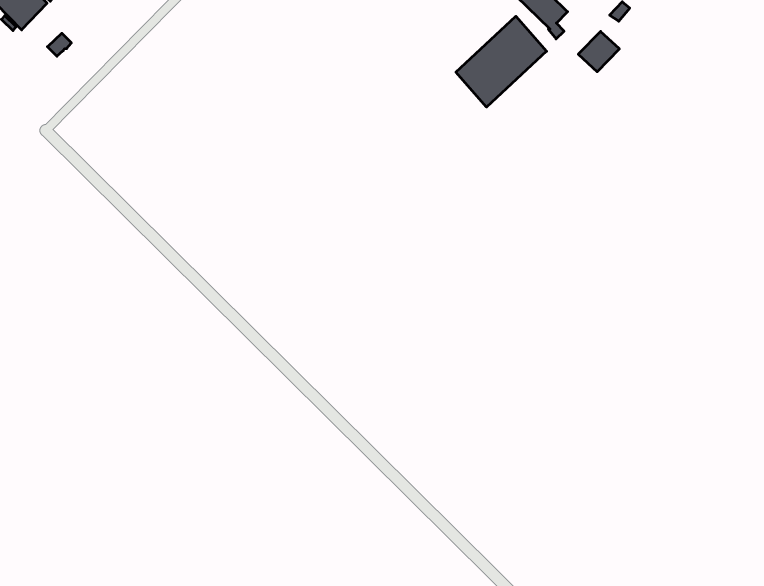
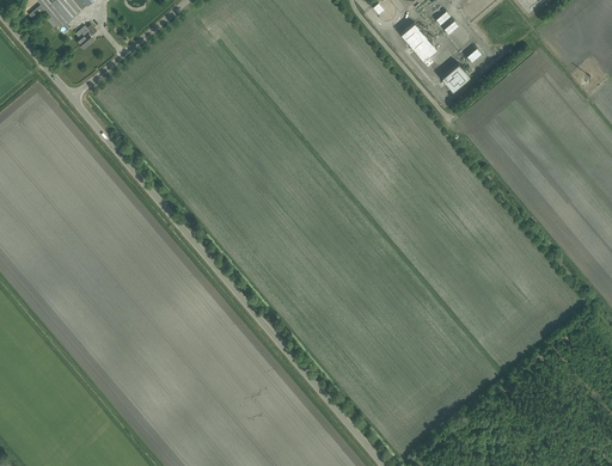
building: [456,16,547,107] -> none

